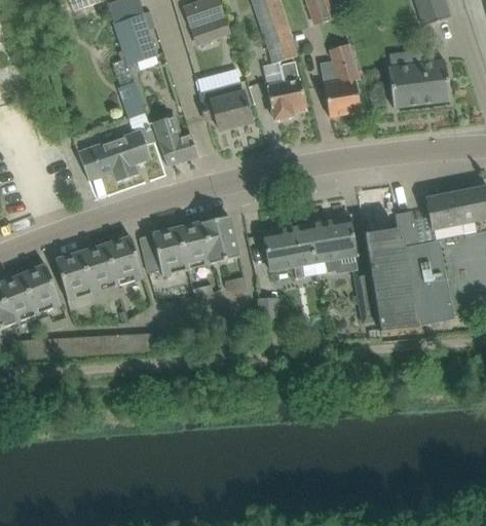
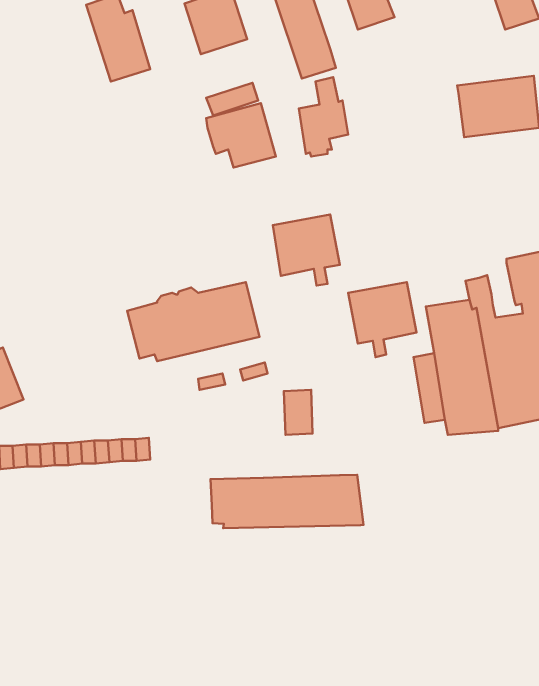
building: [322,42,361,115] -> none
building: [79,80,155,181] -> none
building: [154,114,198,165] -> none
building: [263,223,313,276] -> [273,214,340,285]
building: [55,235,144,299] -> none
building: none -> [211,475,363,528]

